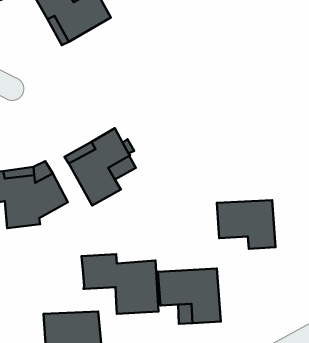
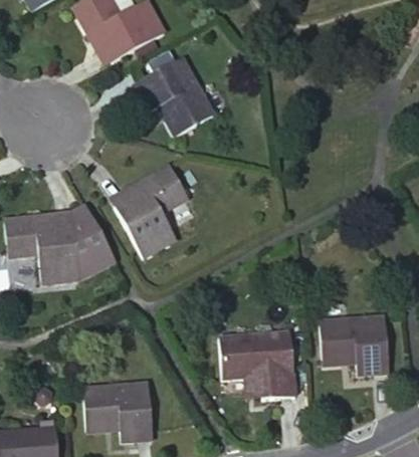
building: none -> [131,57,213,135]
building: [217,200,276,249] -> [319,315,389,374]
building: [82,254,159,314] -> none

